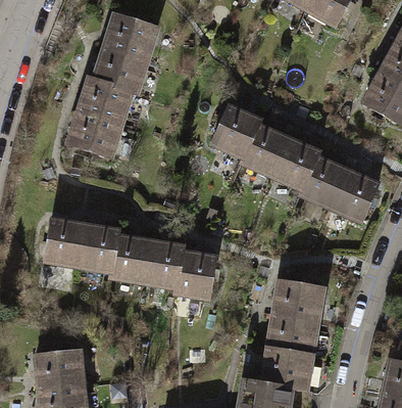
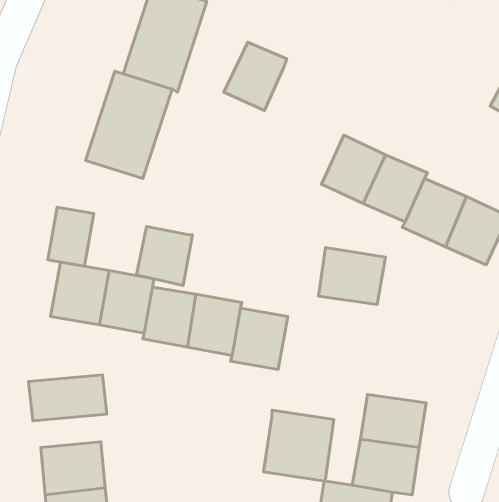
building: [212,106,258,156] -> [224,42,287,110]
building: none -> [48,207,94,266]
building: none -> [136,226,193,285]
building: [273,279,322,321] -> [319,247,386,305]
building: none -> [29,375,107,421]
building: none -> [263,410,334,481]

